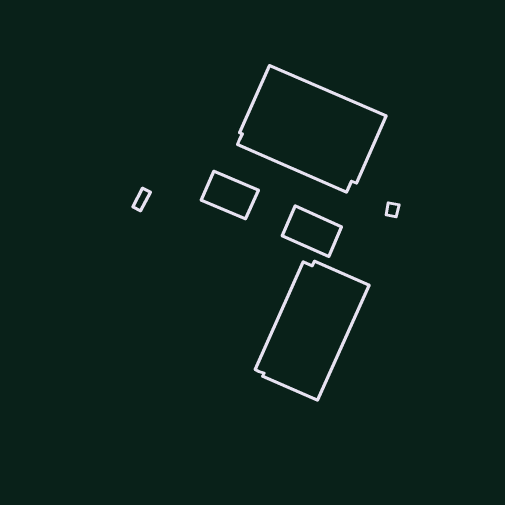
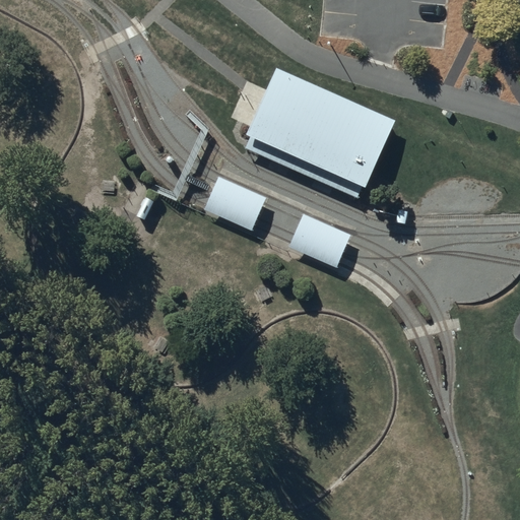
building: [255,261,369,400] -> none

